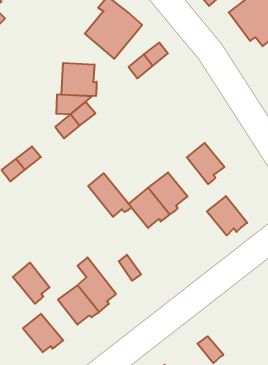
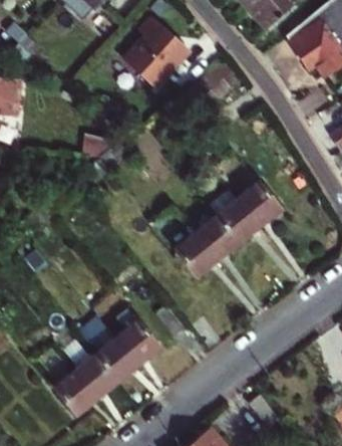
building: [61,63,97,96] -> none
building: [88,173,131,217] -> none
building: [207,196,247,235] -> [216,197,261,241]
building: [13,263,50,304] -> [73,357,114,403]

